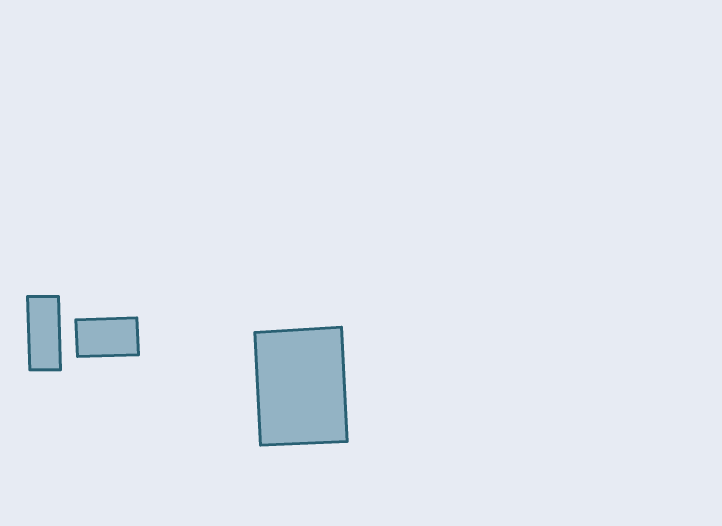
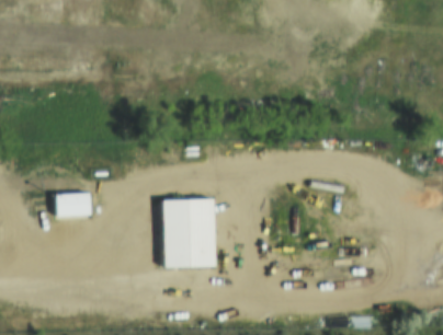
building: [27,296,61,370] -> none

